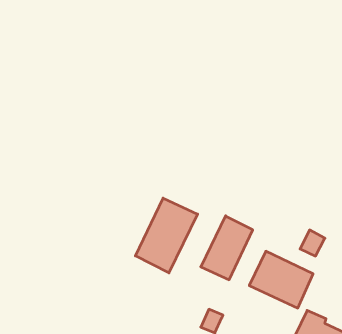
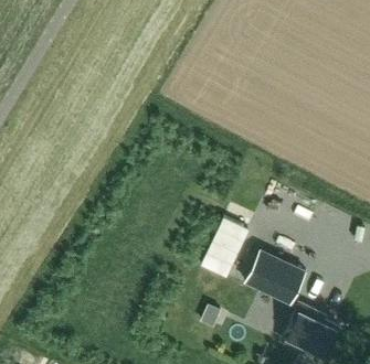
building: [135,198,198,273] -> none

